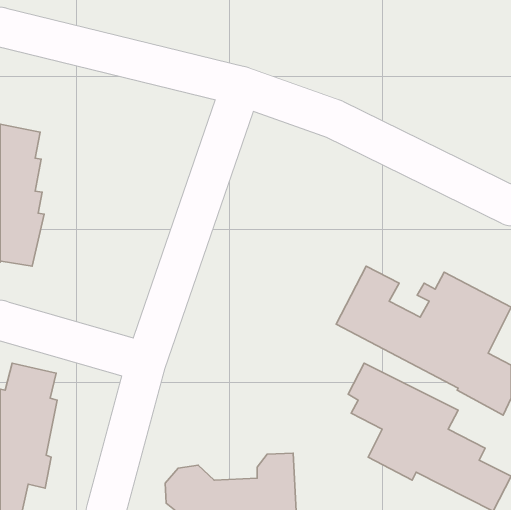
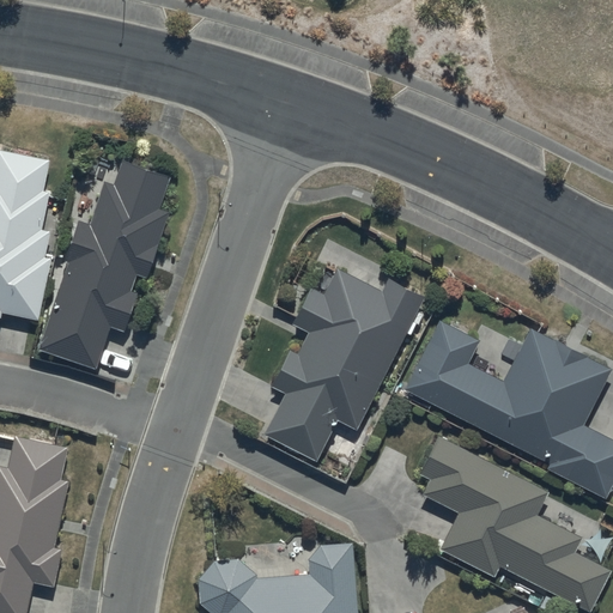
building: none -> [40,159,171,369]
building: none -> [263,267,421,462]

